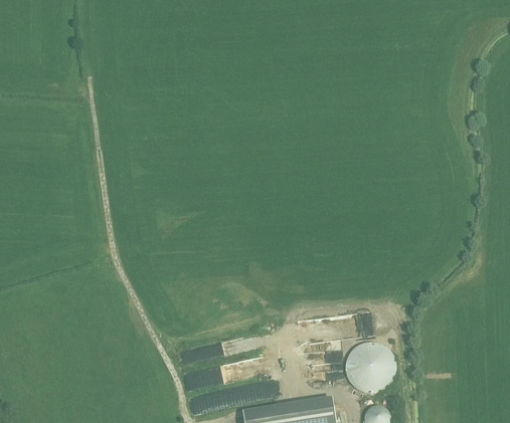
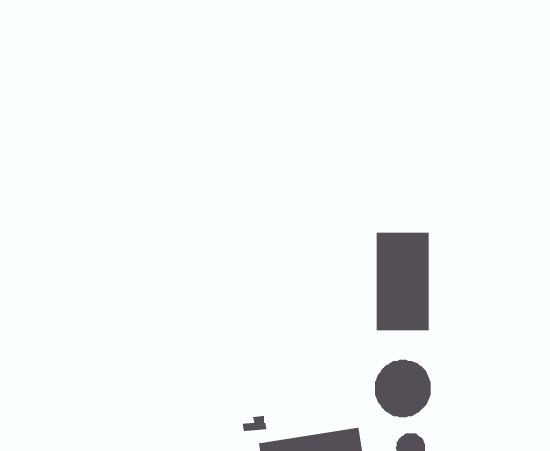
building: none -> [376,232,429,331]

